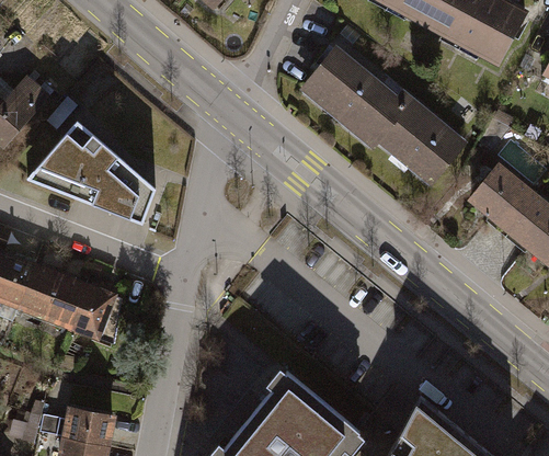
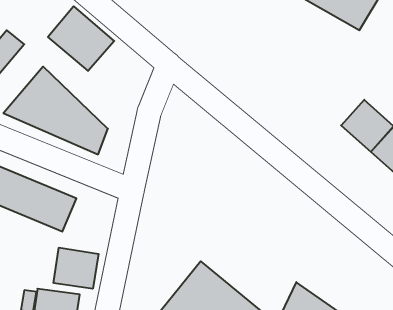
building: none -> [48,6,114,71]
building: [298,48,468,192] -> none
building: none -> [54,248,99,289]

